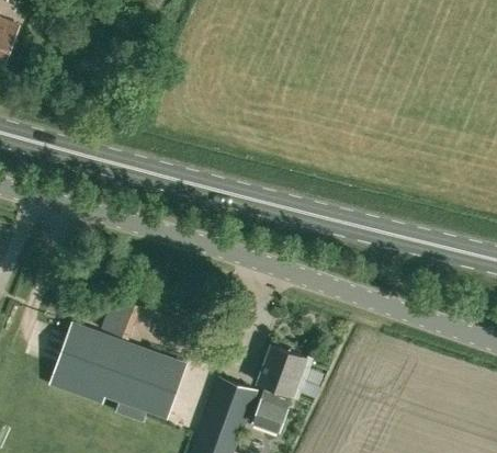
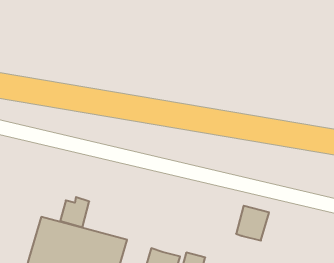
building: [259,347,306,396] -> [236,206,269,241]

